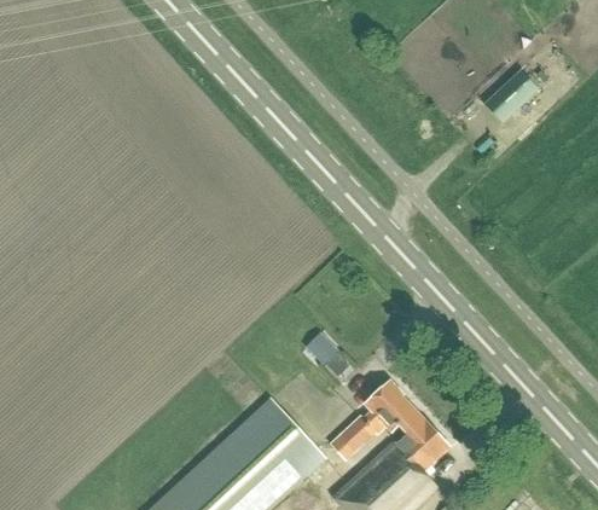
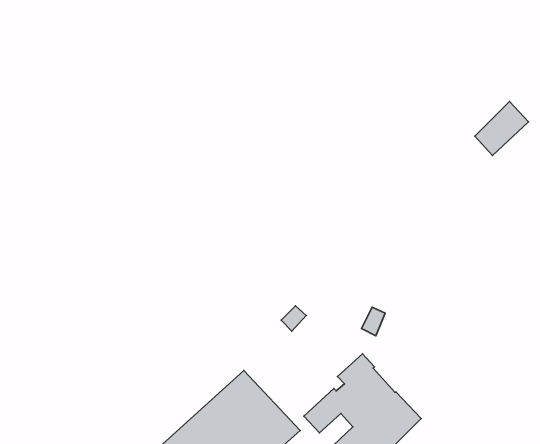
building: [483,69,538,123] -> [475,102,529,155]

